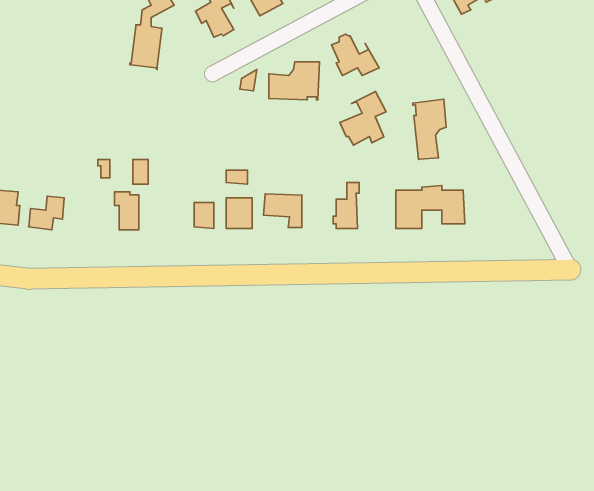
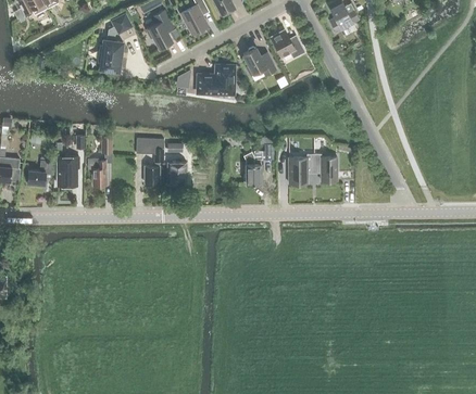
building: none -> [271,30,304,59]
building: [340,91,386,145] -> none
building: [413,99,446,159] -> none
building: none -> [58,157,78,187]
building: [264,194,302,227] -> [136,138,163,162]

